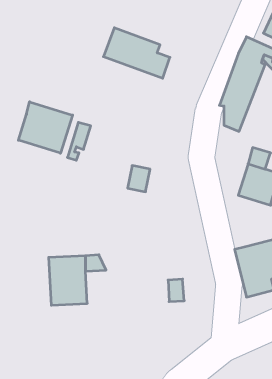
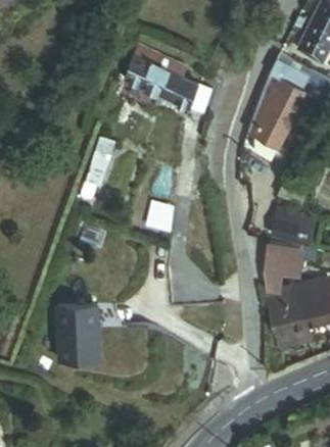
building: [18,102,73,153] -> none
building: none -> [266,246,303,293]

